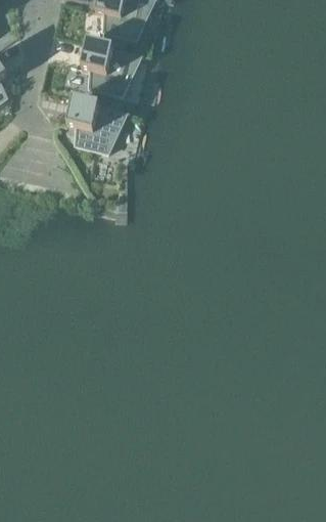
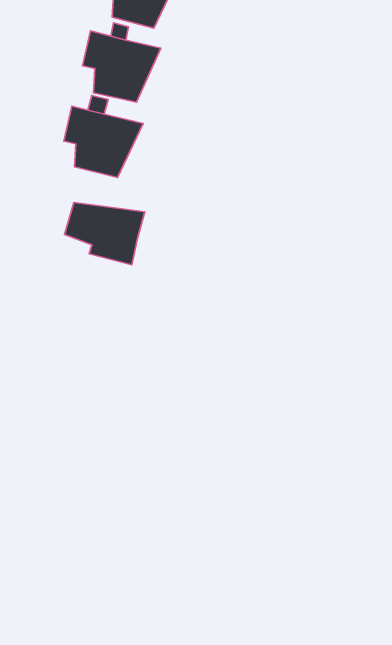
building: none -> [64,203,145,265]

